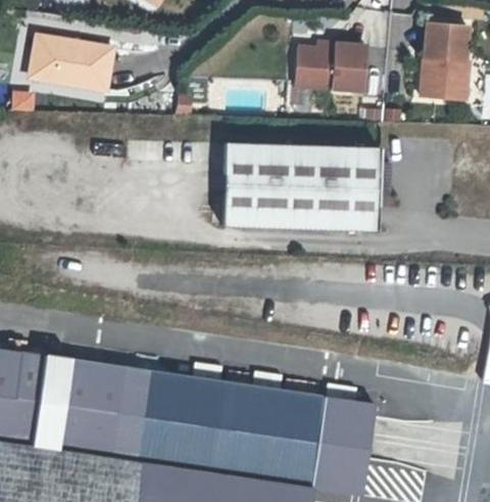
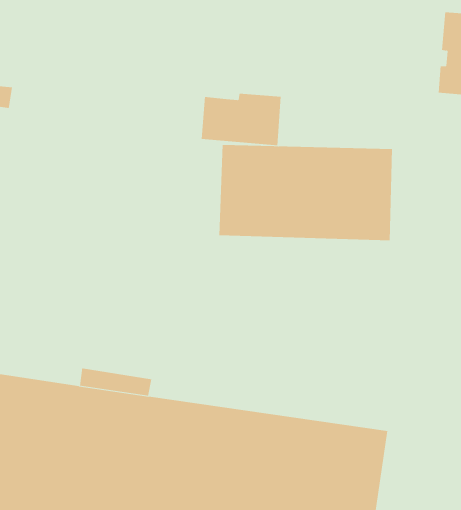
building: [31,38,113,90] -> none
building: [294,43,368,91] -> [201,93,282,146]

